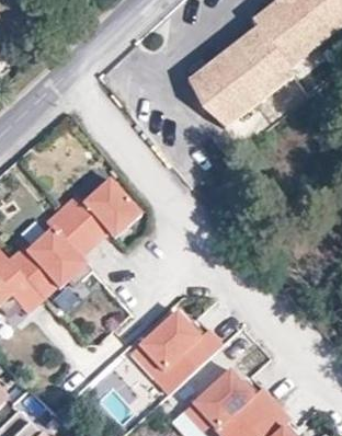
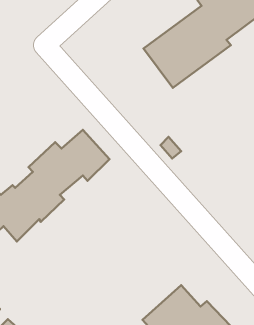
building: [129,308,224,397] -> none

